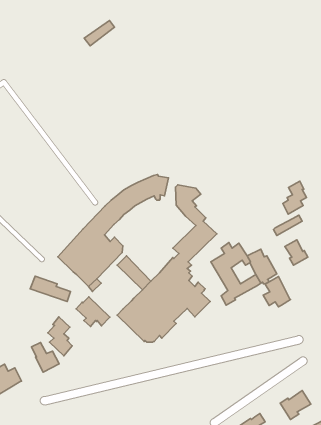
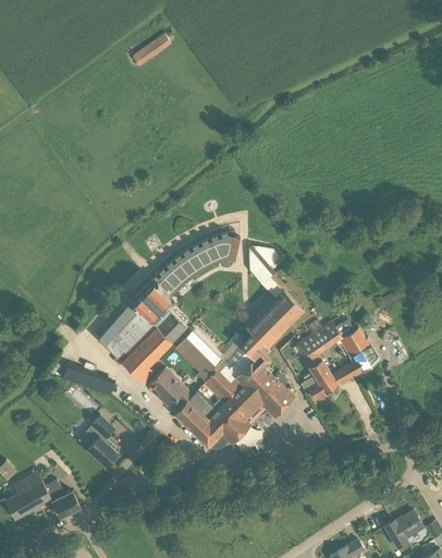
building: [283,181,306,214] -> none
building: [285,240,308,265] -> none
building: [263,276,291,307] -> none
building: [76,297,110,327] -> [149,369,193,408]
building: [31,343,59,372] -> [45,481,81,519]

